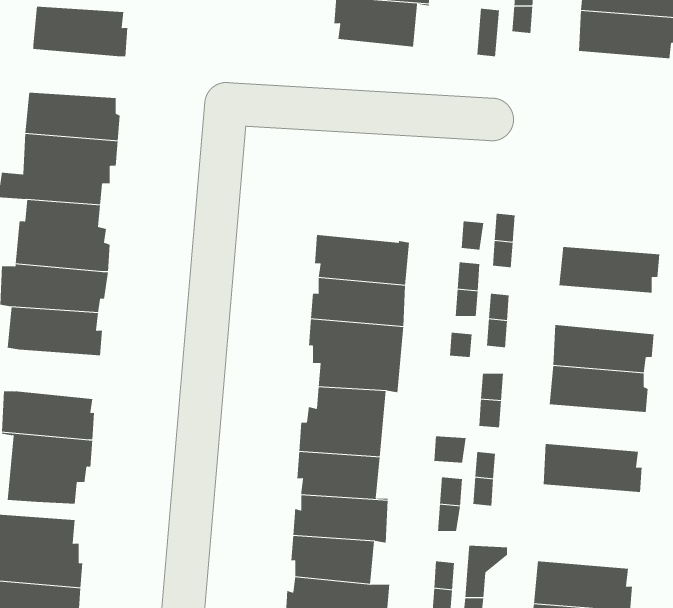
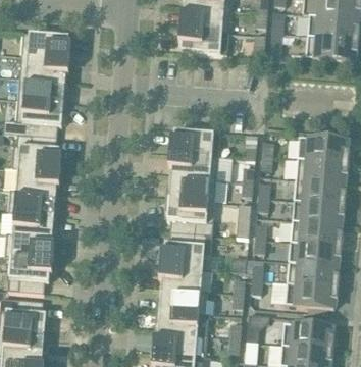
building: none -> [19,55,70,81]
building: none -> [169,129,220,156]
building: none -> [298,136,350,162]
building: none -> [294,178,347,204]
building: none -> [12,212,57,238]
building: none -> [289,241,342,265]
building: none -> [286,282,339,308]

